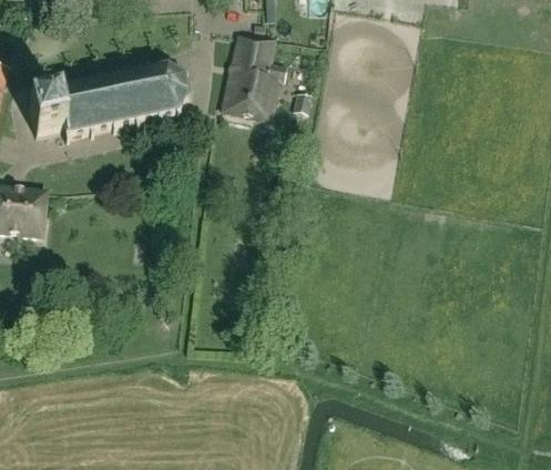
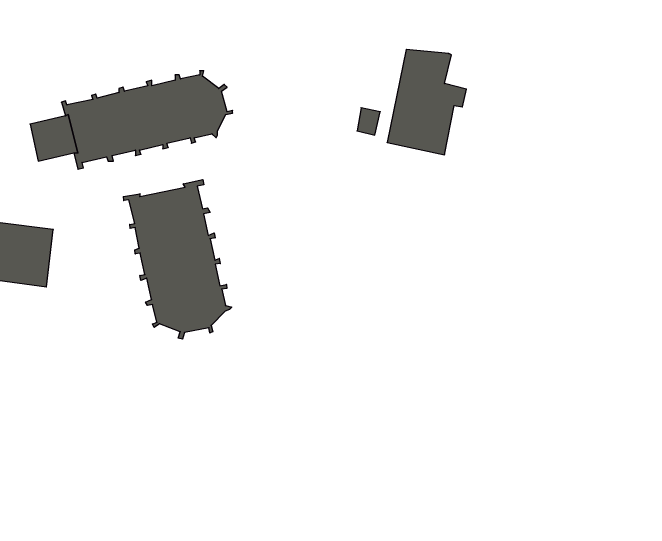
building: [223,34,287,120] -> [387,49,466,155]
building: none -> [123,180,232,339]

